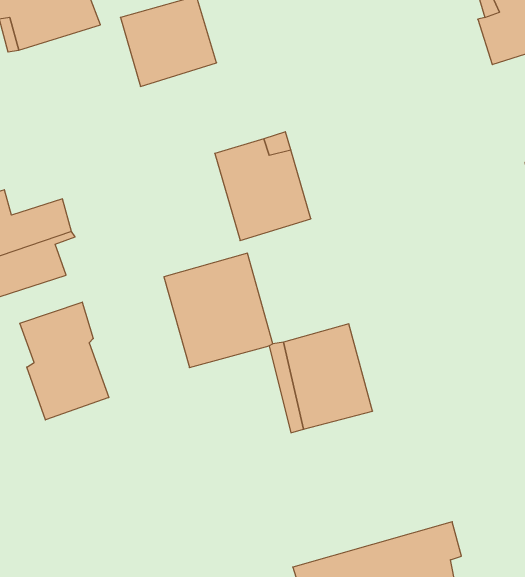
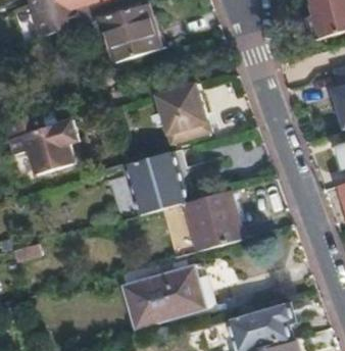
building: [20,302,109,420] -> none
building: none -> [125,268,203,327]

